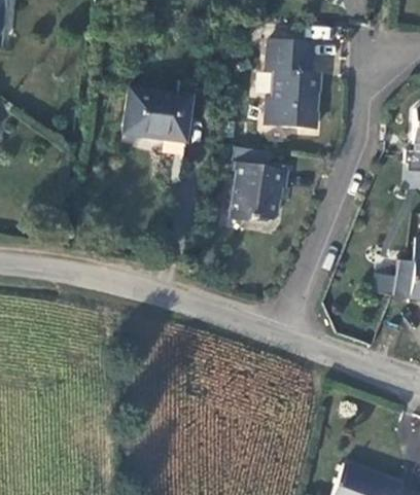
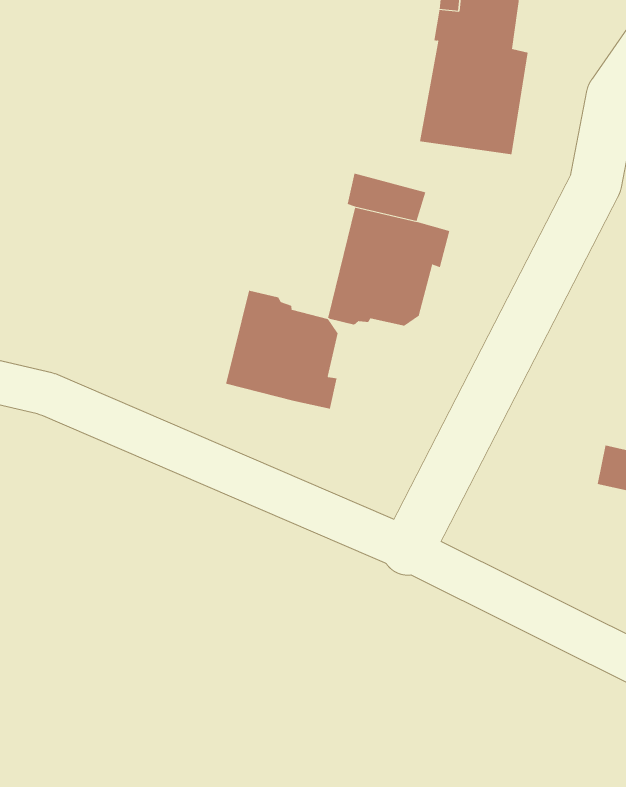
building: [124,92,189,143] -> none
building: none -> [226,290,338,410]

